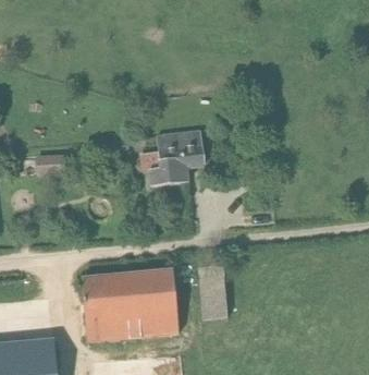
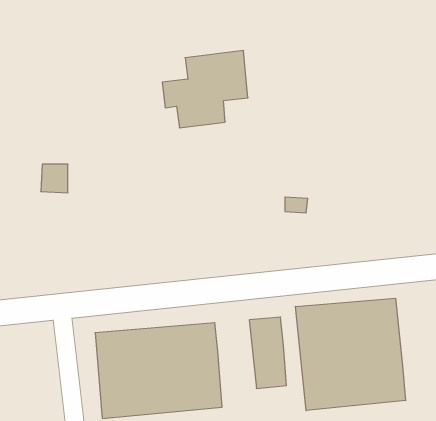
building: [138,128,204,186] -> [162,51,248,128]
building: none -> [296,298,406,411]

